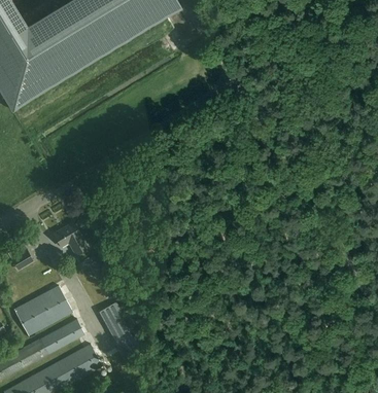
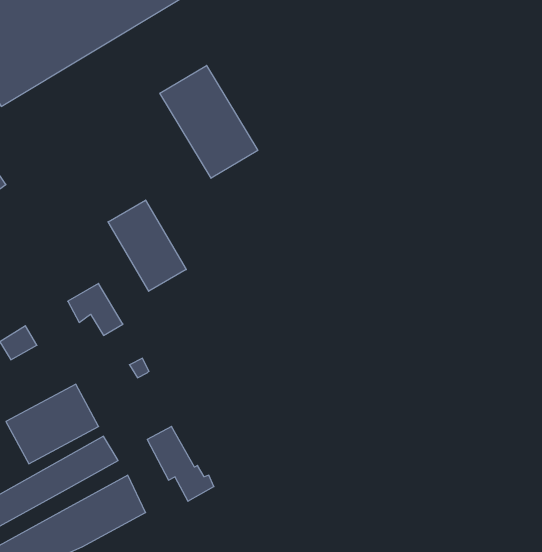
building: none -> [160,65,258,178]
building: none -> [108,200,186,291]

